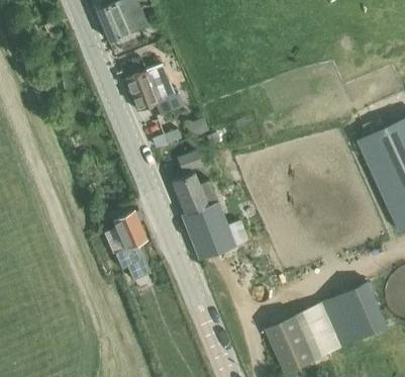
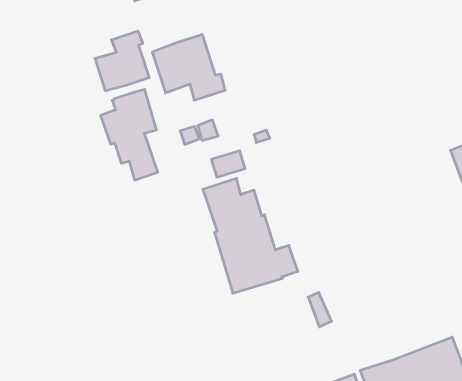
building: none -> [95,31,149,91]
building: [103,211,149,281] -> [101,89,158,180]

